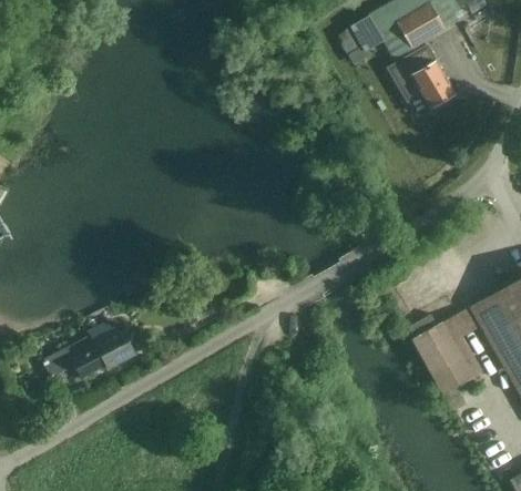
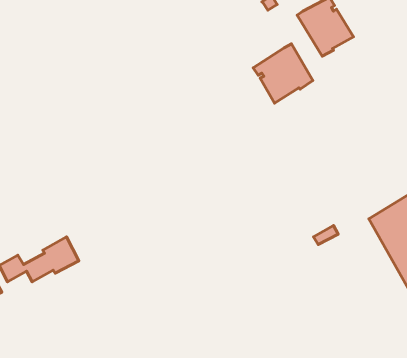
building: none -> [253,44,313,103]
building: [412,308,478,408] -> none

